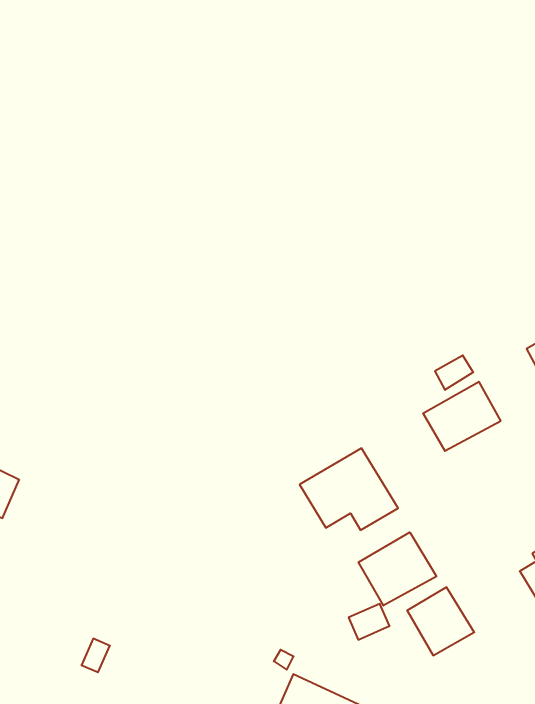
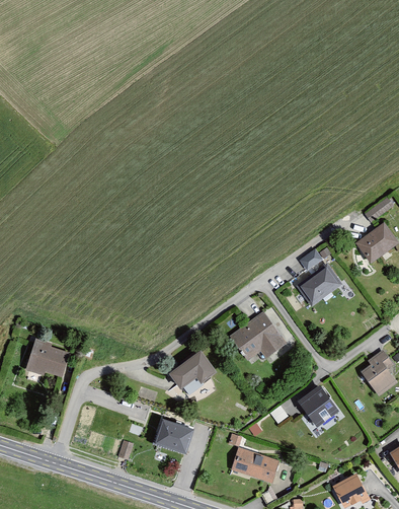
building: none -> [172,351,221,390]
building: [359,532,436,606] -> none
building: none -> [152,419,192,452]

